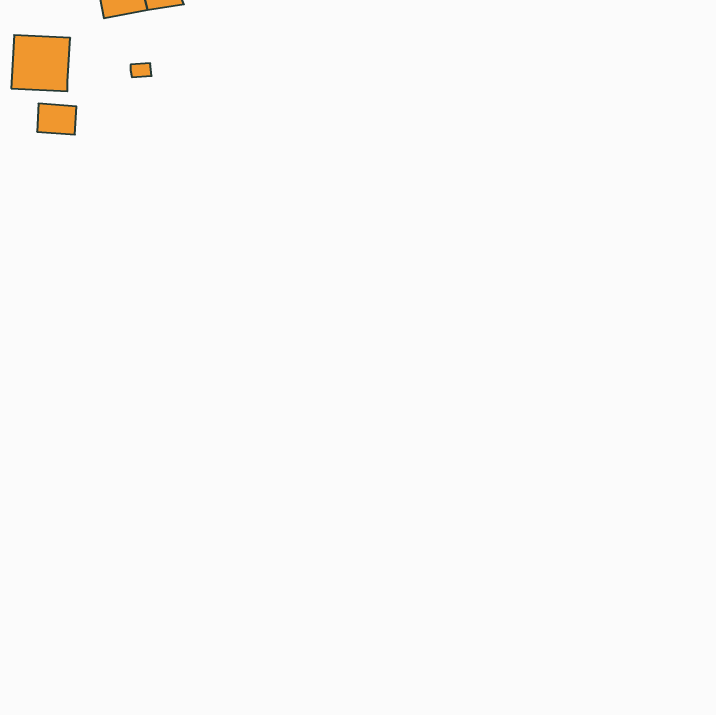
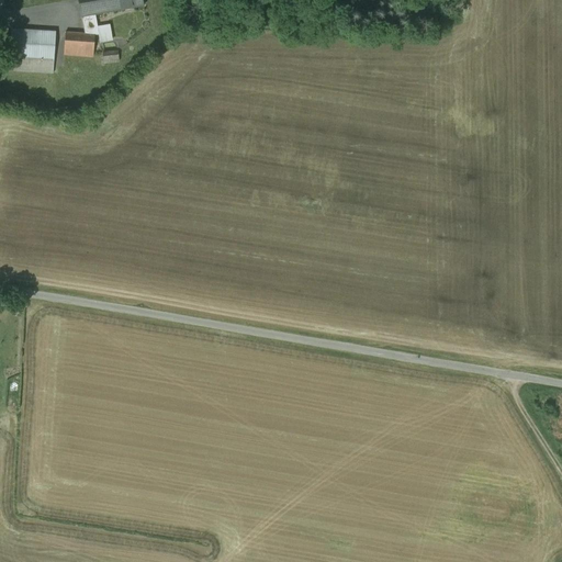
building: [37,104,76,135] -> [65,30,95,54]

